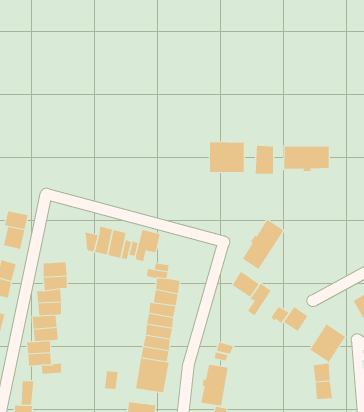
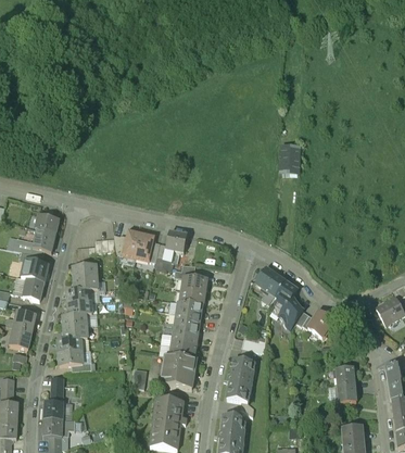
building: [210,141,244,173] -> none
building: [284,146,329,172] -> none
building: [242,219,284,270] -> none
building: [310,323,346,363] -> none

